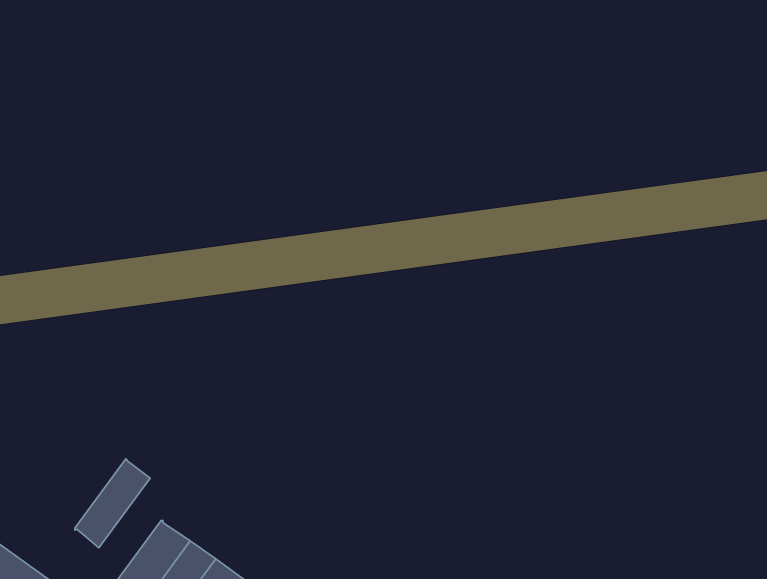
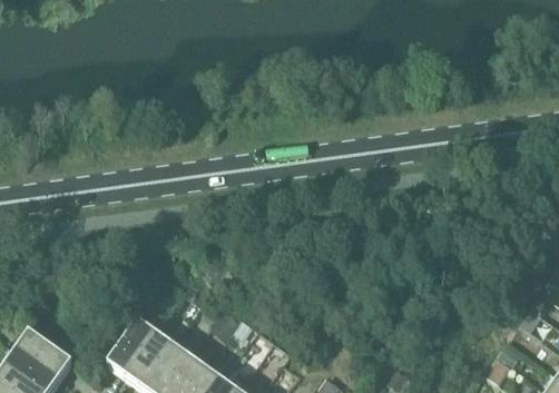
building: [75,459,150,548] -> none

